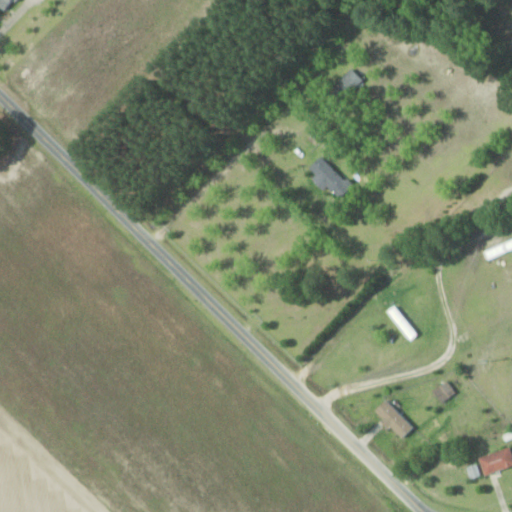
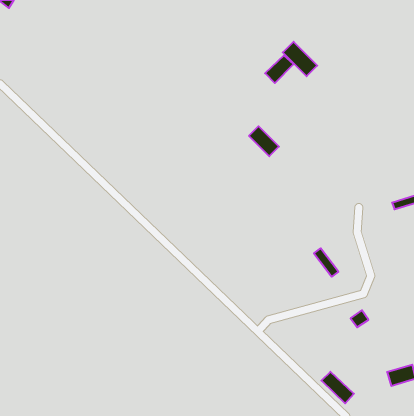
building: none -> [283,42,317,76]
building: [373,400,413,439] -> [321,372,354,403]

